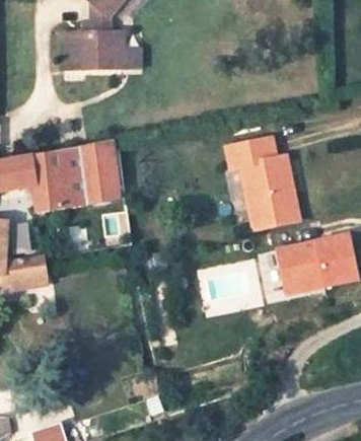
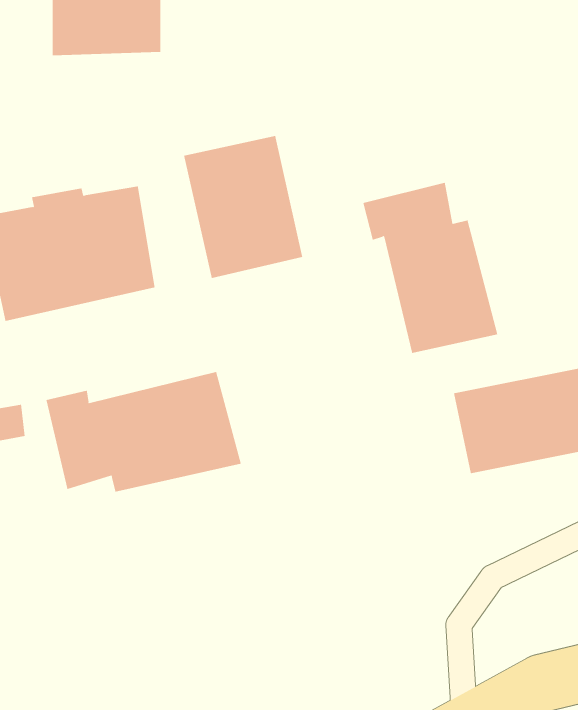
building: none -> [184,135,303,279]
building: none -> [46,371,242,493]

